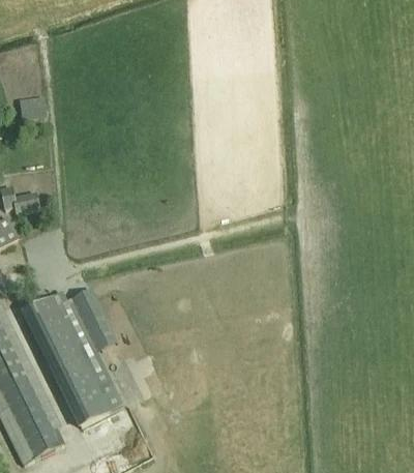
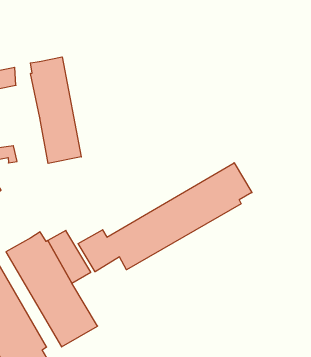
building: none -> [30,57,81,163]
building: none -> [78,163,252,272]

